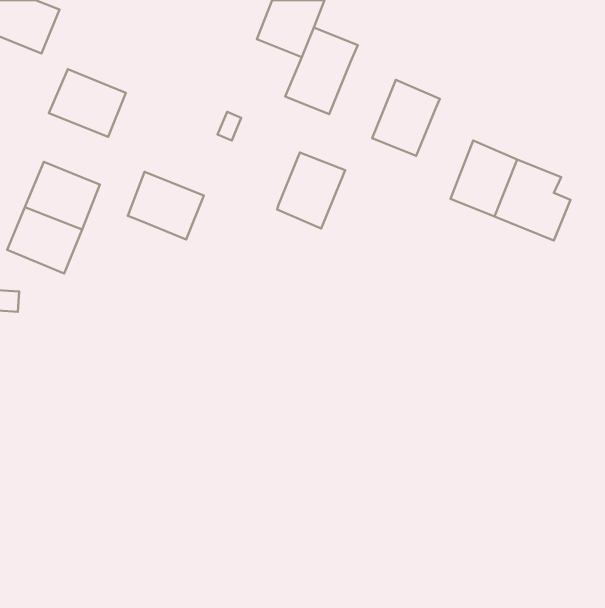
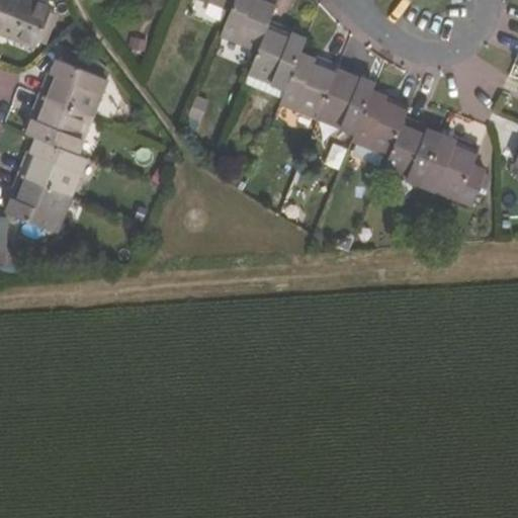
building: none -> [352,91,409,154]
building: [277,152,345,229] -> [279,53,337,117]
building: [128,172,204,240] -> [27,96,92,154]

